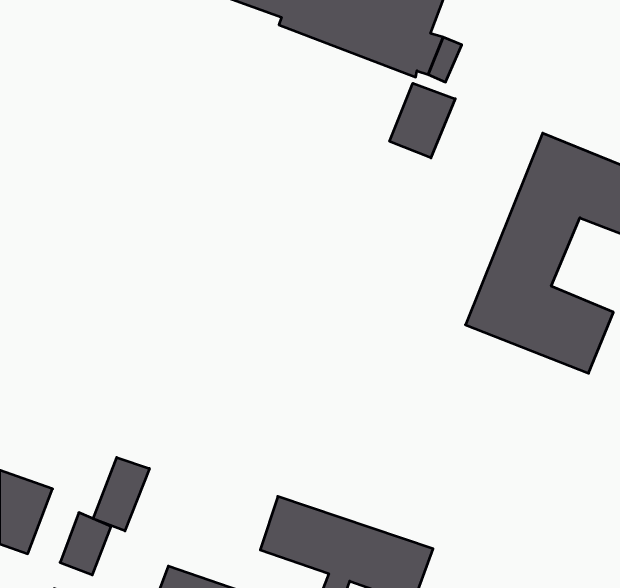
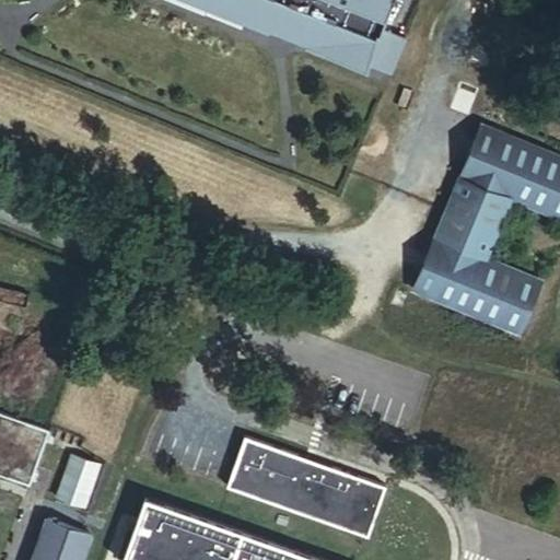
building: [390,83,455,158] -> none
building: [93,457,149,531] -> none

